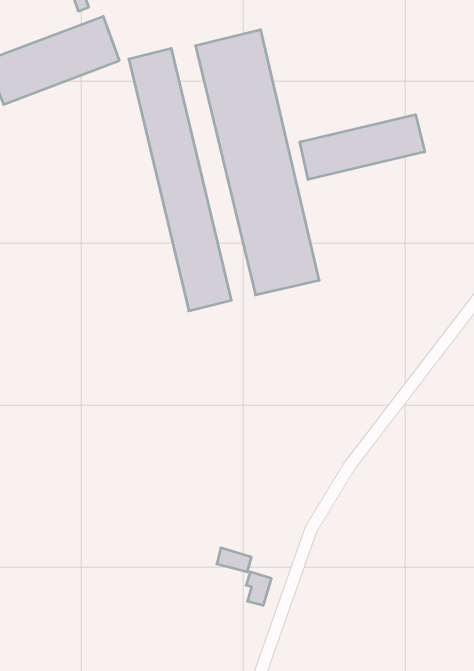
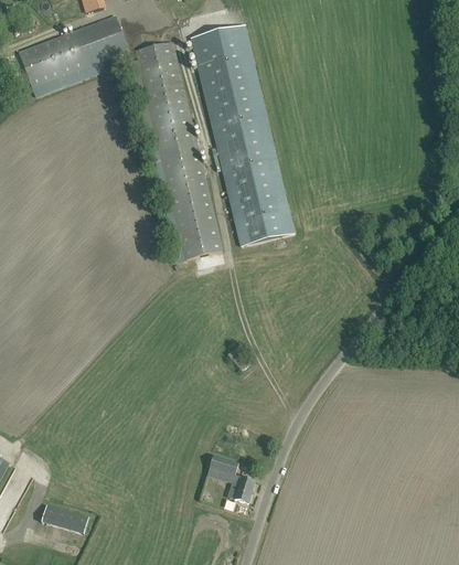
building: [300,115,425,180] -> none
building: none -> [42,504,89,534]

